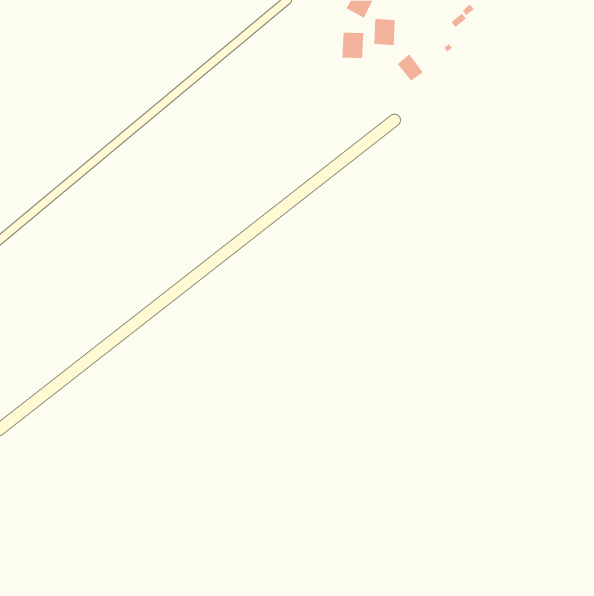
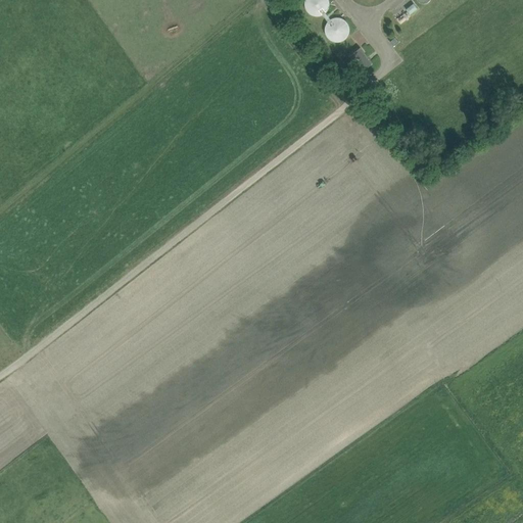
building: [342,32,364,59] -> none

